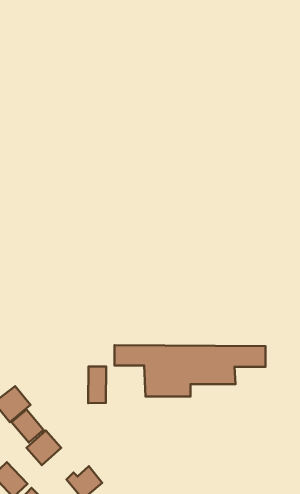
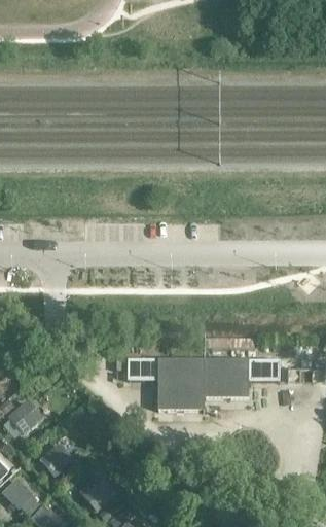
building: [88,366,106,403] -> none
building: [12,410,43,443] -> none

